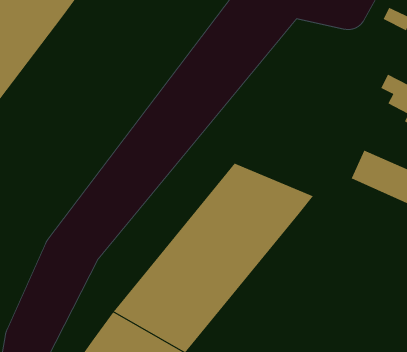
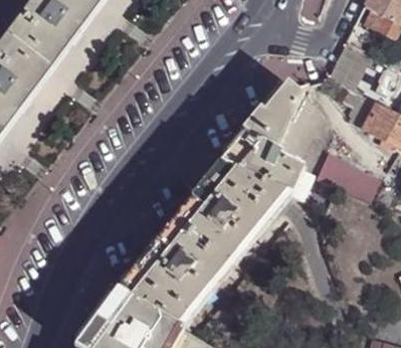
building: none -> [217,88,332,200]

